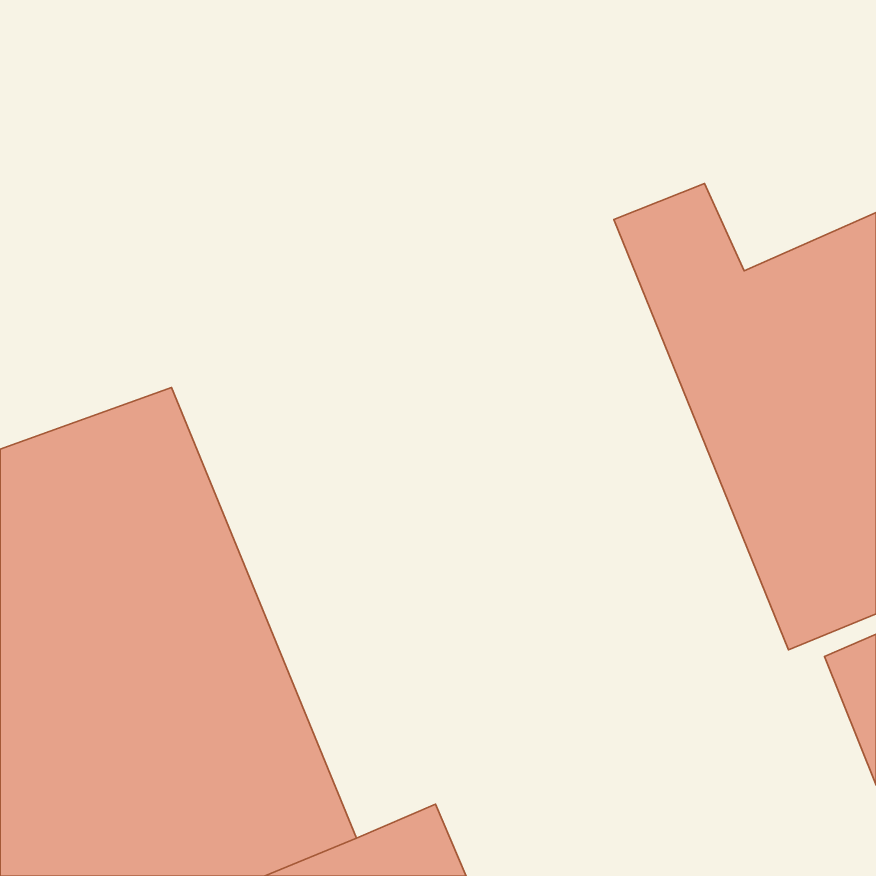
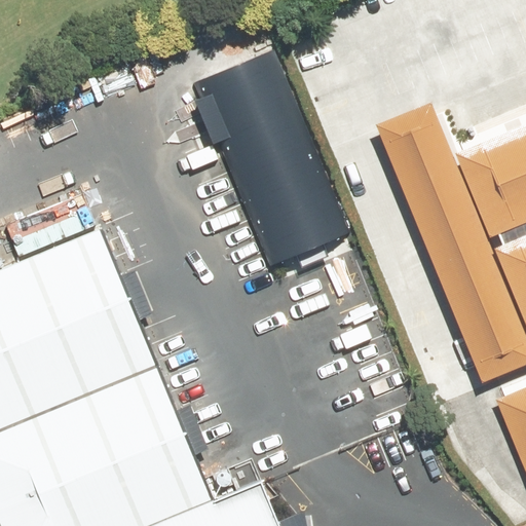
building: none -> [190,51,351,269]

